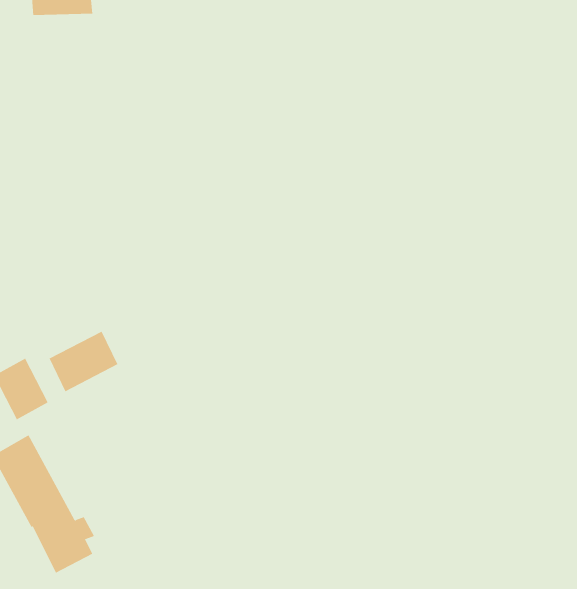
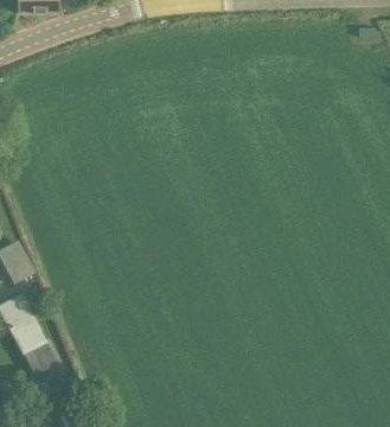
building: [49,331,118,392] -> none

